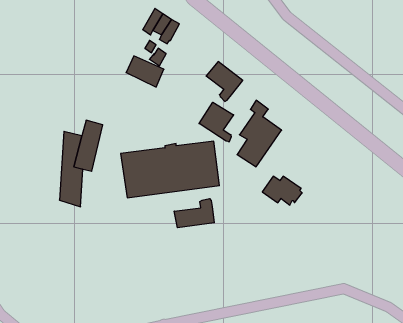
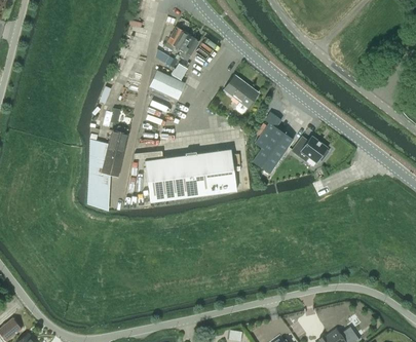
building: [199,102,234,142] -> none
building: [262,176,302,205] -> [292,136,329,162]
building: [174,199,214,228] -> none

